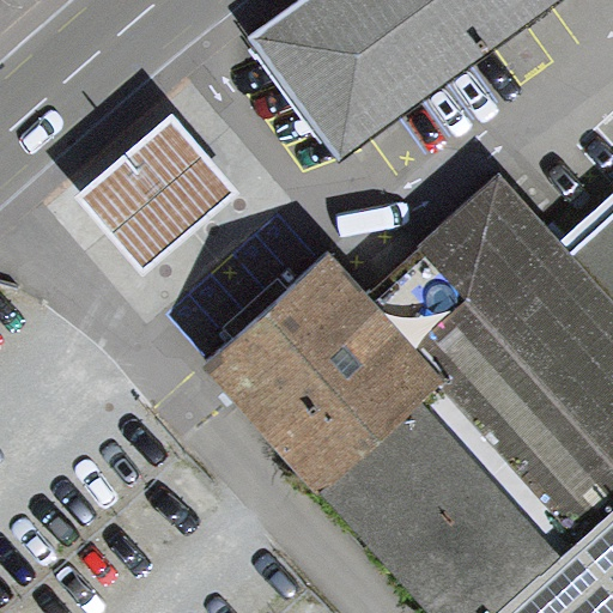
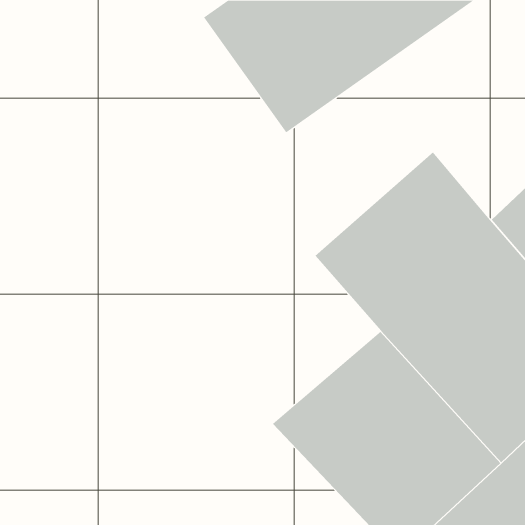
building: [84,96,238,247] -> none
building: [205,259,444,494] -> none

